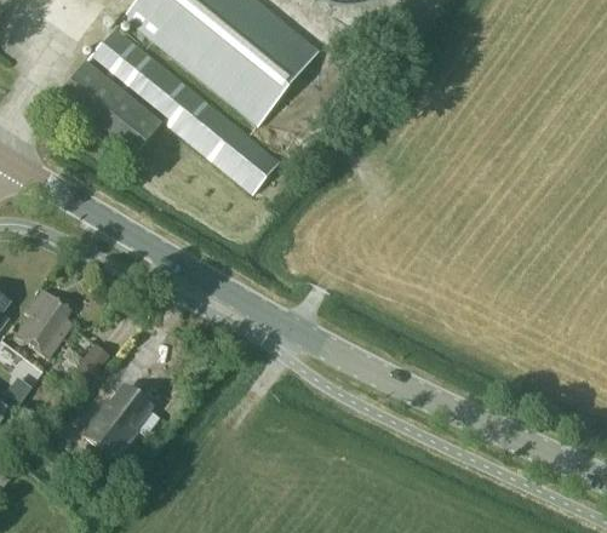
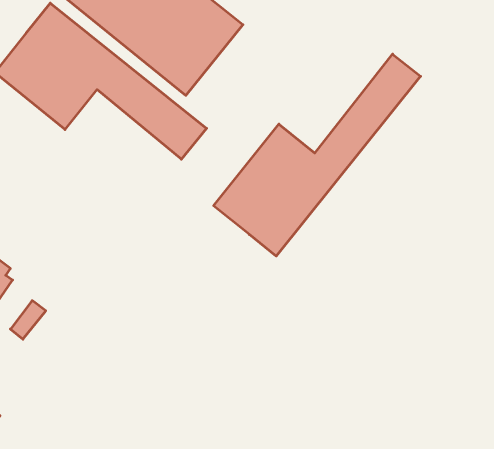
building: none -> [214,54,421,256]
building: [79,383,153,459] -> none

